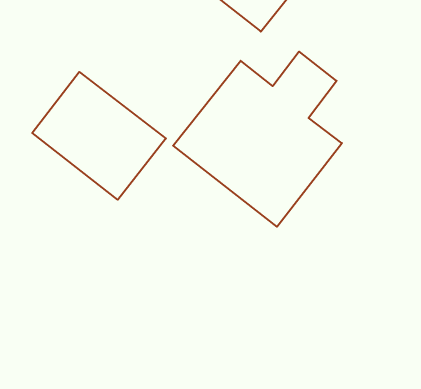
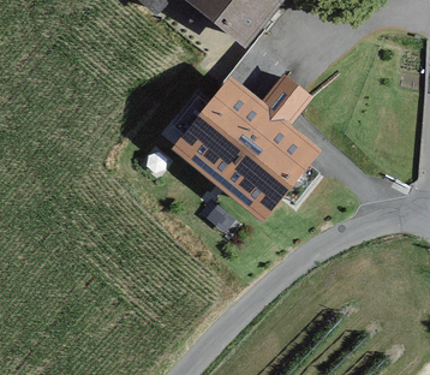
building: [32,72,166,200] -> none

